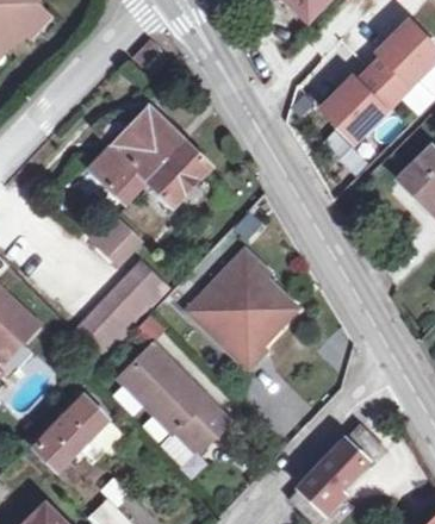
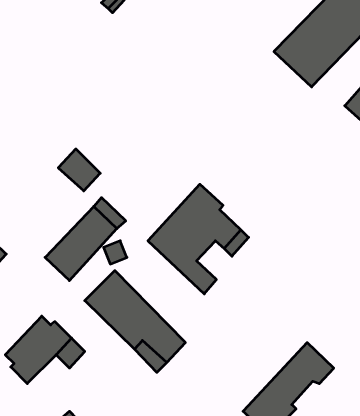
building: [92,110,207,205] -> none

